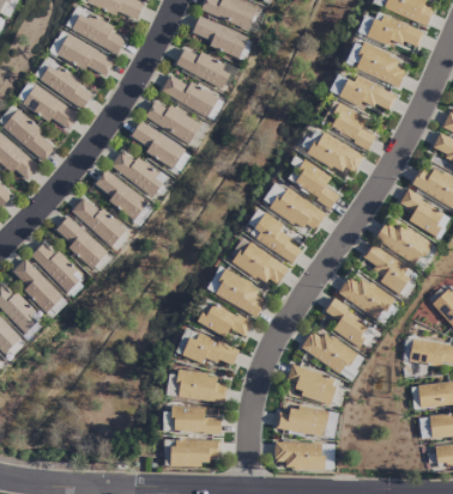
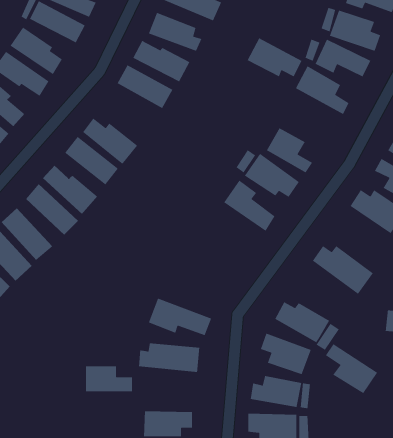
building: [129,120,186,166] -> none
building: [309,132,364,171] -> [247,37,303,77]
building: [232,242,289,288] -> none
building: [362,244,412,293] -> none
building: [210,268,266,316] -> none
building: [197,299,253,336] -> none
building: [325,299,377,349] -> [325,343,378,394]
building: [174,405,221,432] -> [85,365,133,392]

